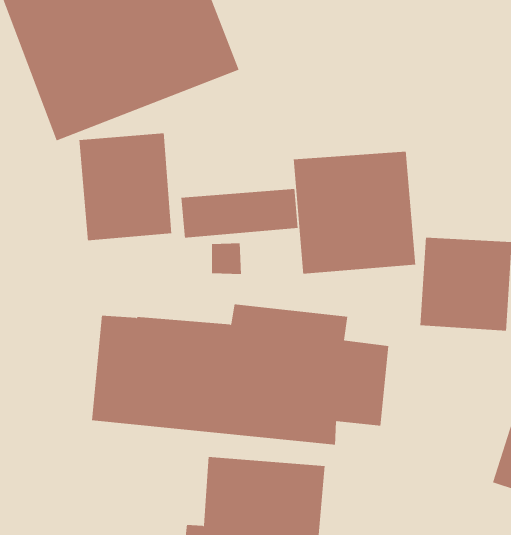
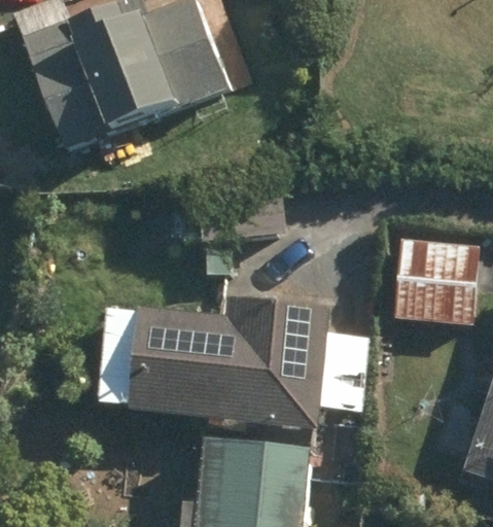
building: [79,132,172,241] -> none
building: [293,151,416,275] -> none

